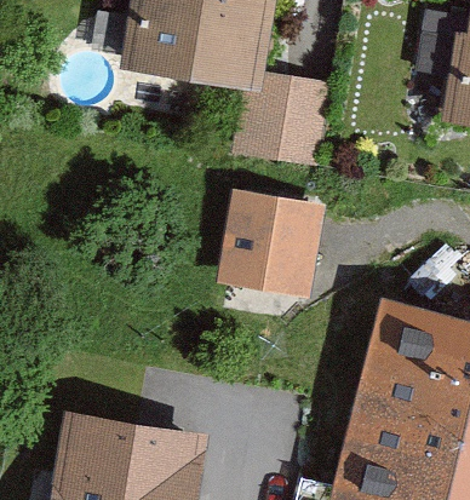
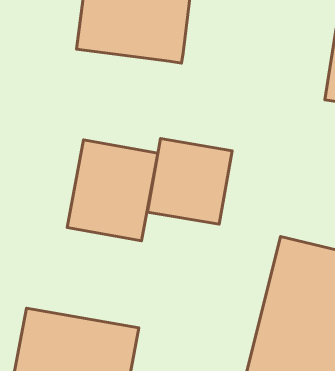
building: [230,74,322,156] -> none
building: none -> [67,140,158,241]

